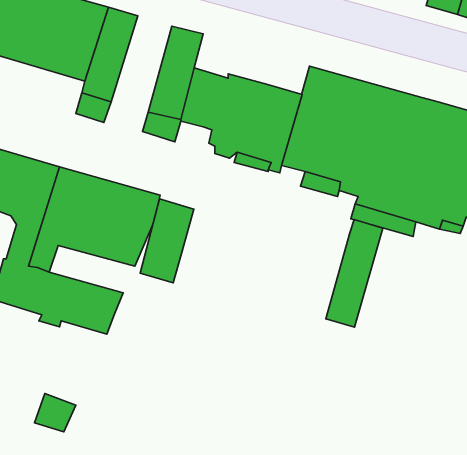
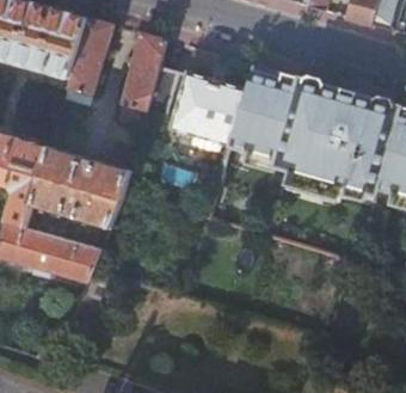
building: [140,199,194,283] -> none
building: [326,220,383,327] -> none

